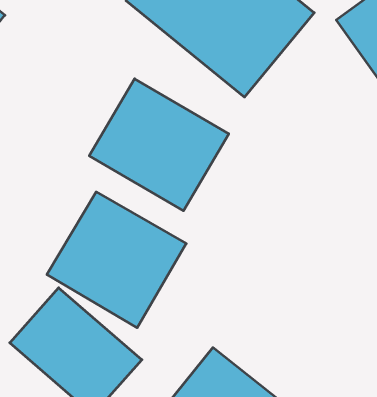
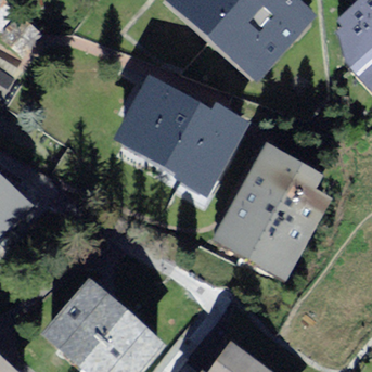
building: none -> [215,151,337,284]
building: [47,192,186,328] -> none

